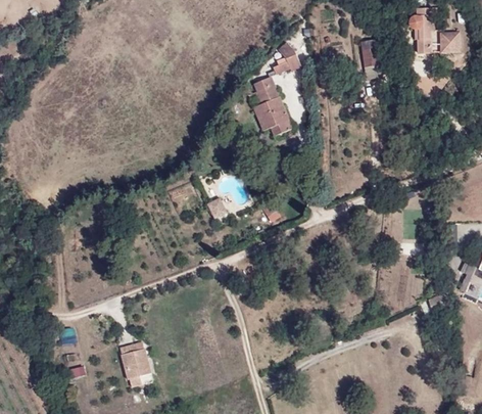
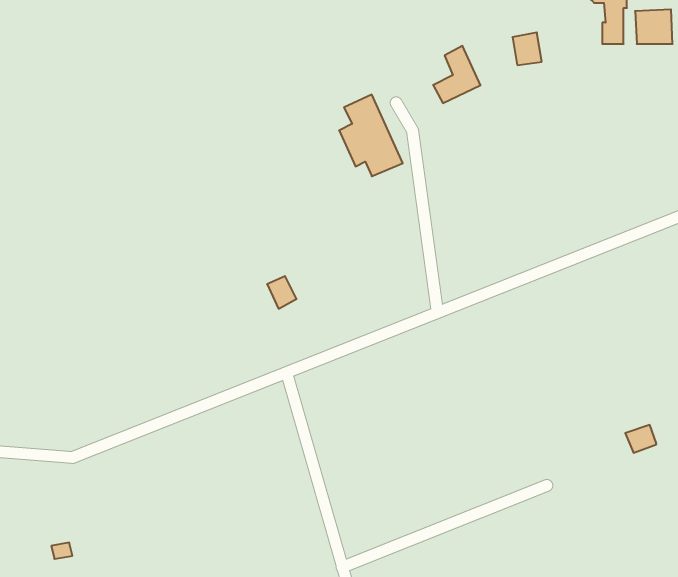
building: [272,40,301,76] -> [433,46,481,103]
building: [118,340,149,378] -> none

